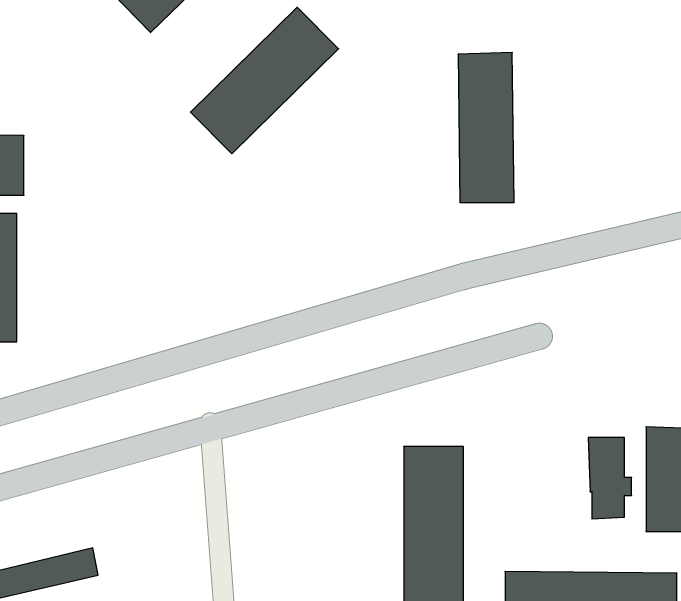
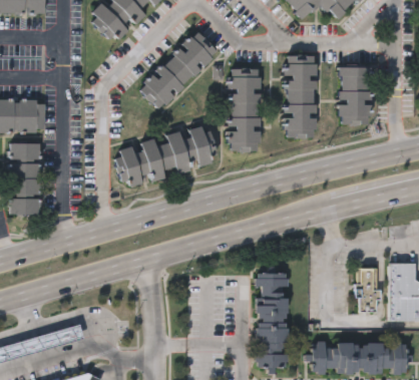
building: none -> [339,66,370,124]
building: none -> [229,67,261,150]
building: none -> [113,124,218,187]

